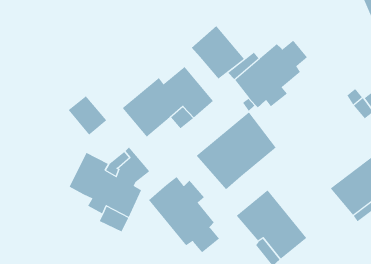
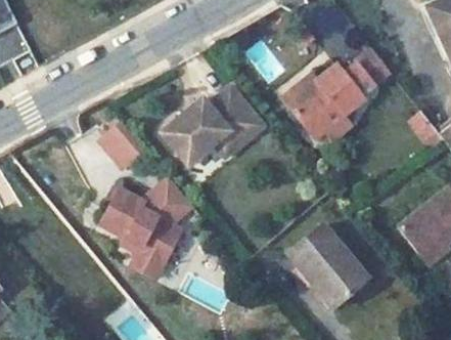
building: [191,25,245,80] -> none
building: [196,112,277,190] -> none
building: [148,176,220,253] -> none

